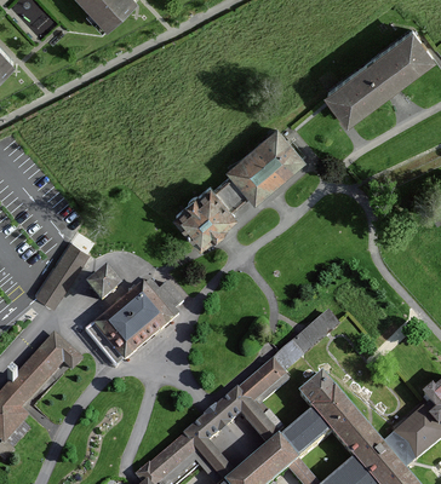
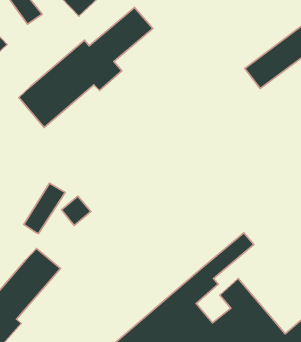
building: none -> [19,8,153,128]
building: [172,131,305,254] -> none
building: [84,277,187,368] -> none

